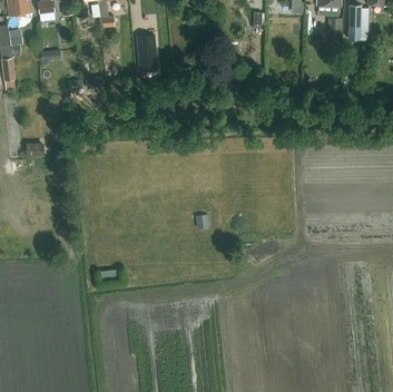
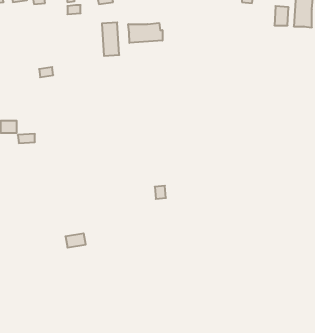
building: none -> [128,23,162,43]

